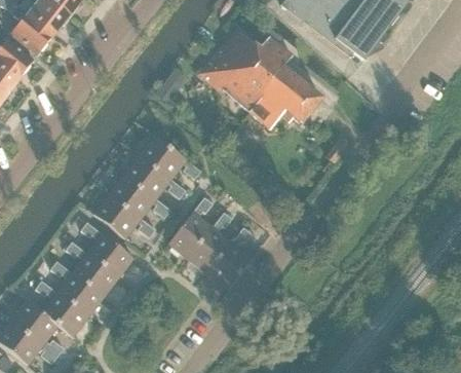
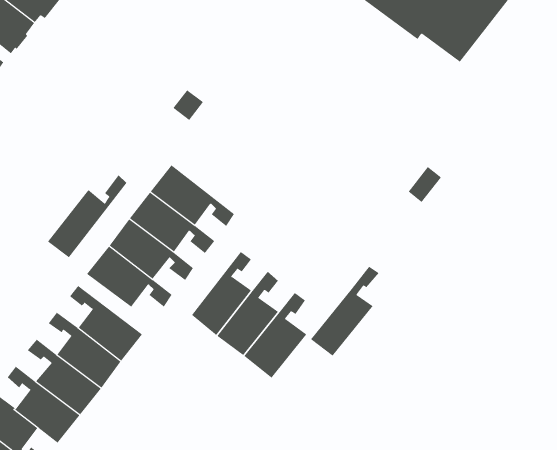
building: [199,29,321,128] -> none
building: none -> [47,174,127,258]
building: none -> [310,266,379,356]

